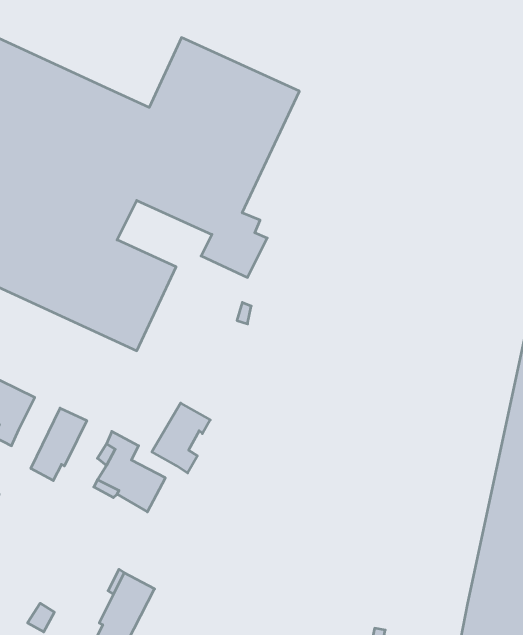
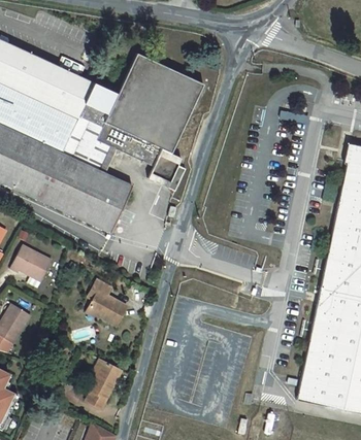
building: [152,403,210,473] -> none
building: [31,408,87,481] -> none

